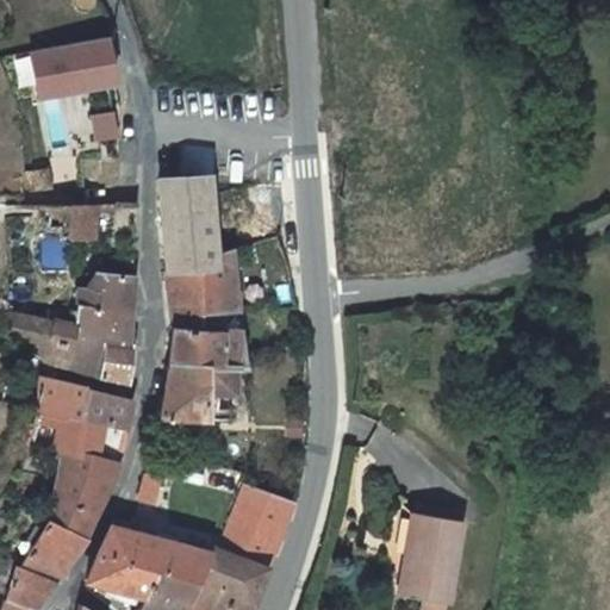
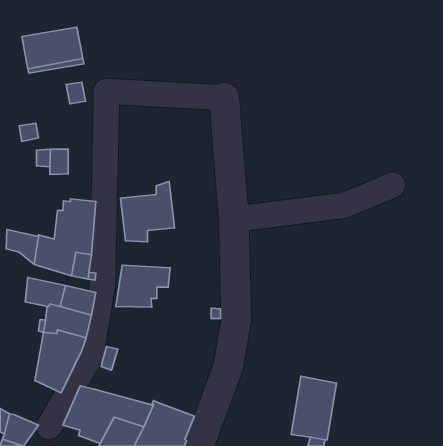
building: [162,175,217,270] -> none
building: [170,329,249,367] -> none
building: [219,480,297,568] -> none
building: [23,519,88,580] -> none

